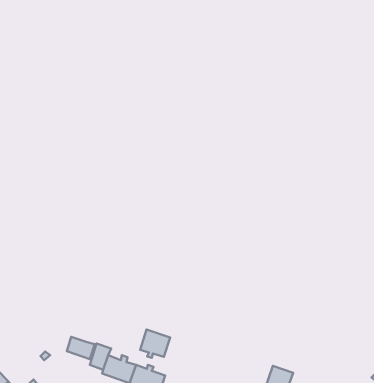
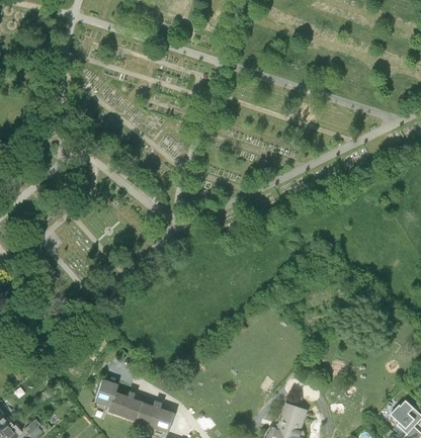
building: [140,329,170,358] -> none
building: [67,337,95,359] -> none

